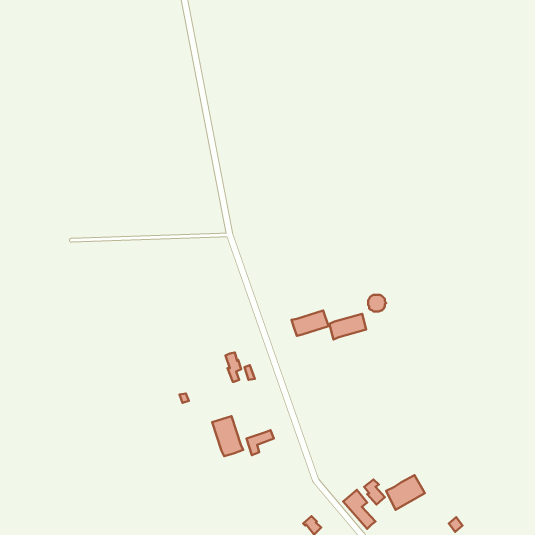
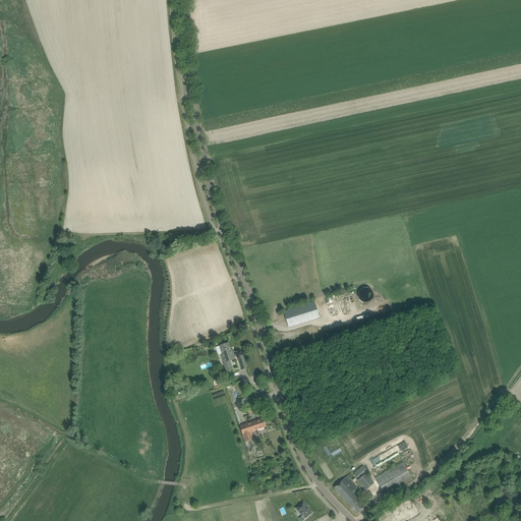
building: [329,314,366,339] -> none
building: [212,416,243,456] -> none

